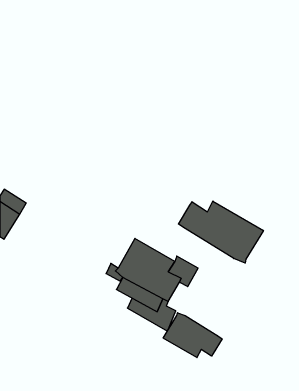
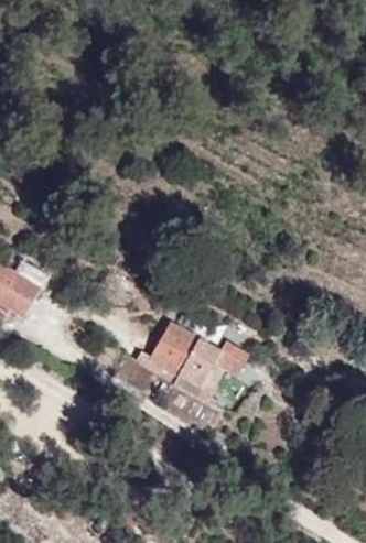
building: [178,201,263,263] -> none
building: [163,313,222,358] -> none

